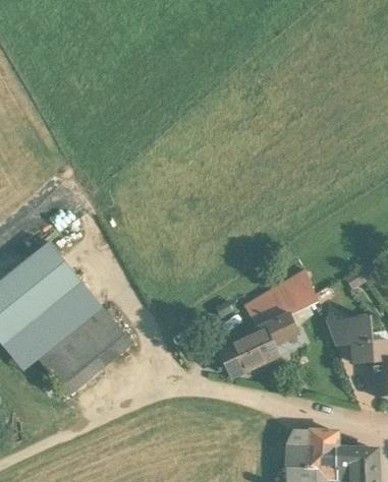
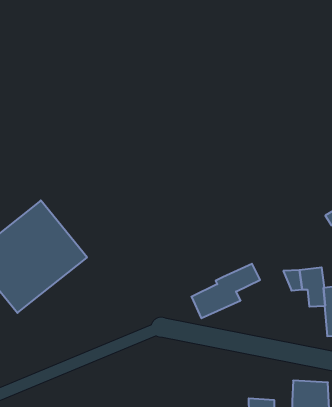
building: [244,267,321,328] -> none
building: [38,306,131,395] -> none
building: [285,429,338,470] -> none

